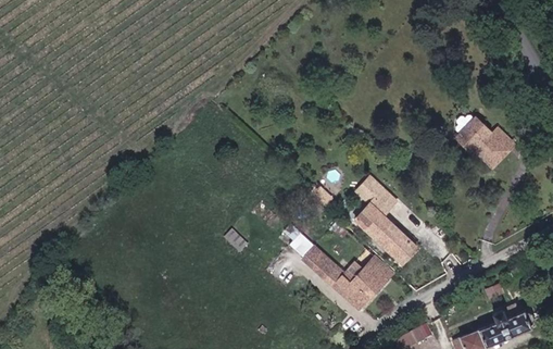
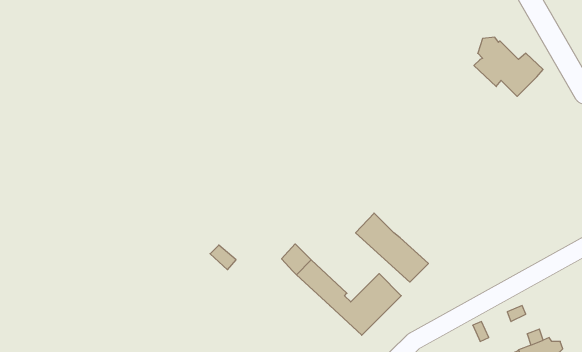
building: [456,114,517,166] -> [474,37,543,96]
building: [357,177,404,223] -> none

